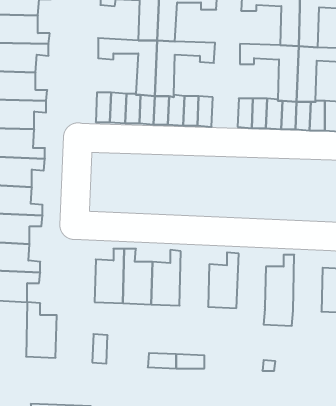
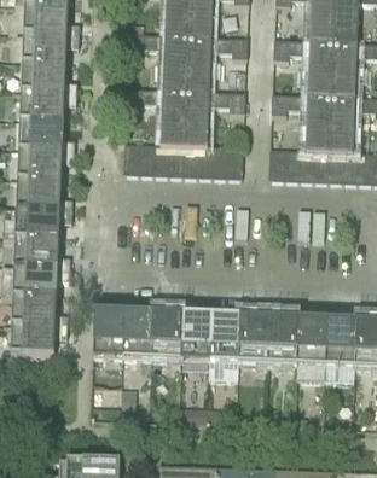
building: none -> [208,305,239,380]
building: none -> [267,308,297,365]
building: none -> [324,309,355,383]
building: [26,302,57,358] -> [92,301,123,357]

